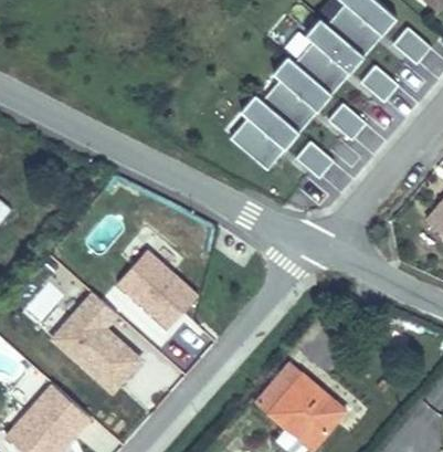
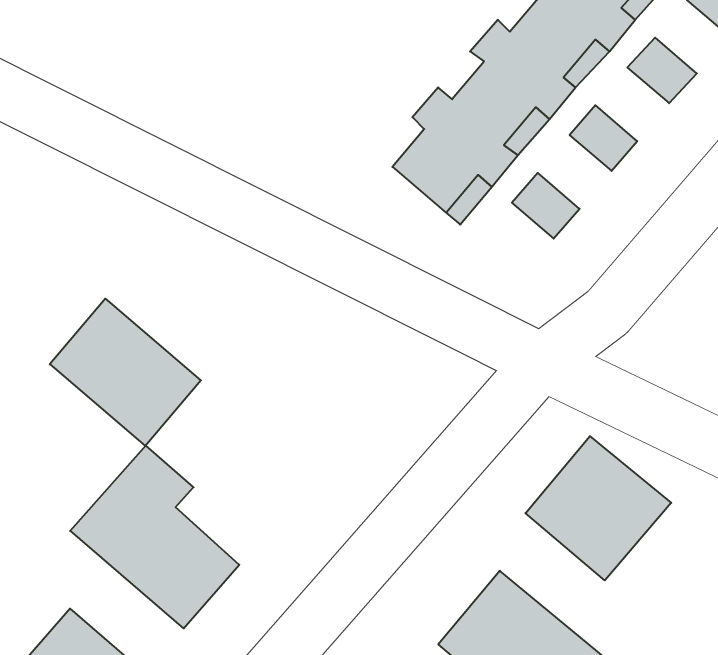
building: [116,249,200,330] -> [50,299,201,446]
building: none -> [525,436,671,580]

